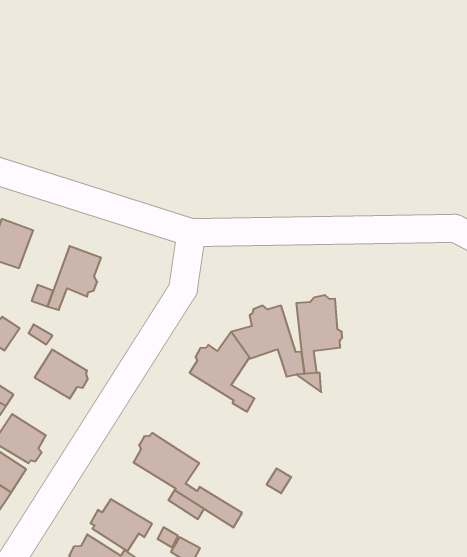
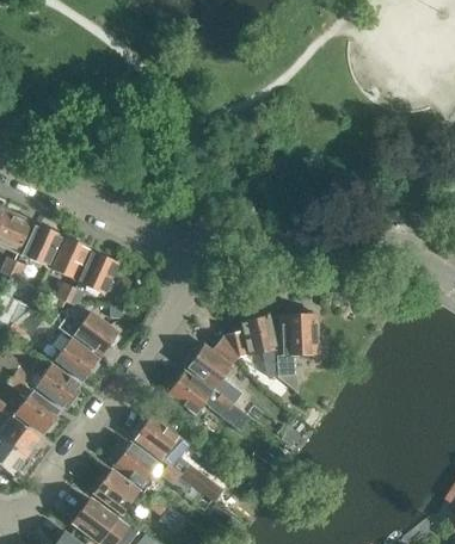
building: none -> [48,235,88,279]
building: none -> [72,311,117,354]
building: none -> [166,370,248,429]
building: none -> [33,364,79,407]
building: none -> [112,441,158,486]

